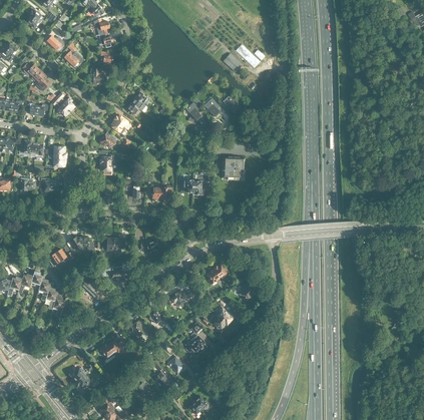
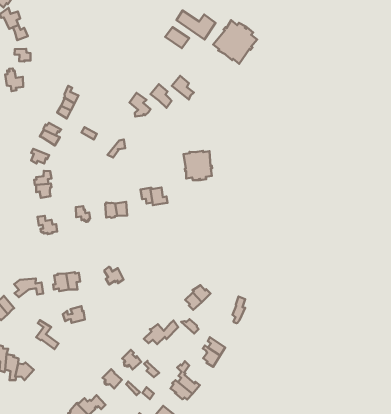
building: none -> [213,20,257,64]

